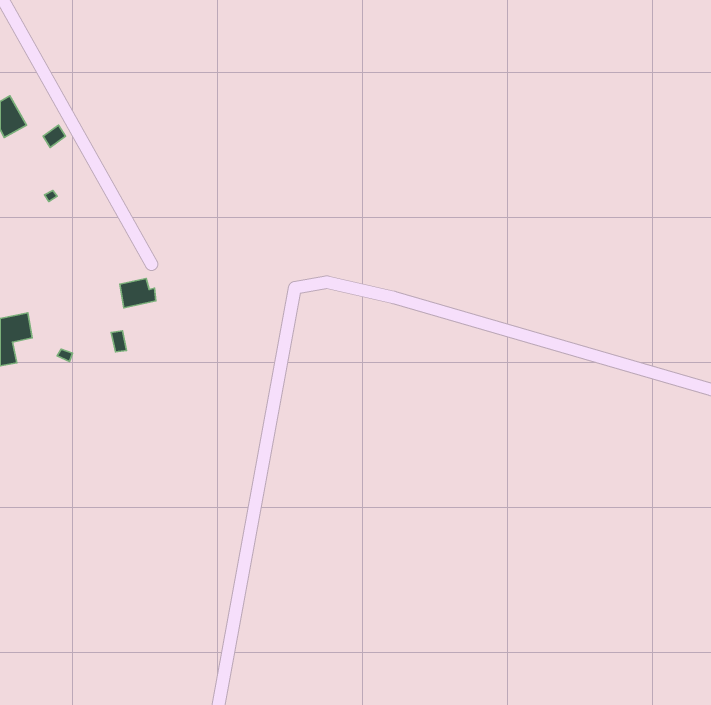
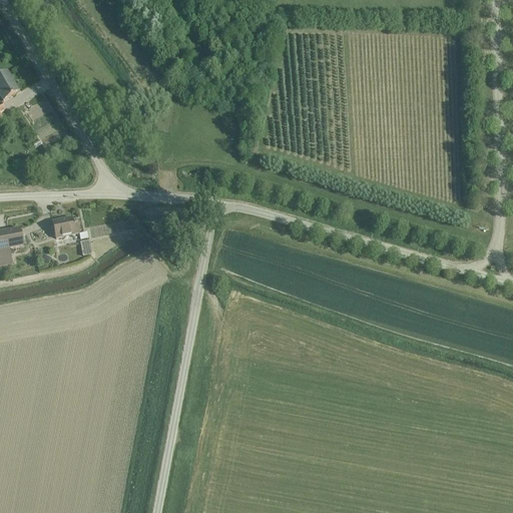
building: [120,278,156,308] -> [52,215,78,236]

